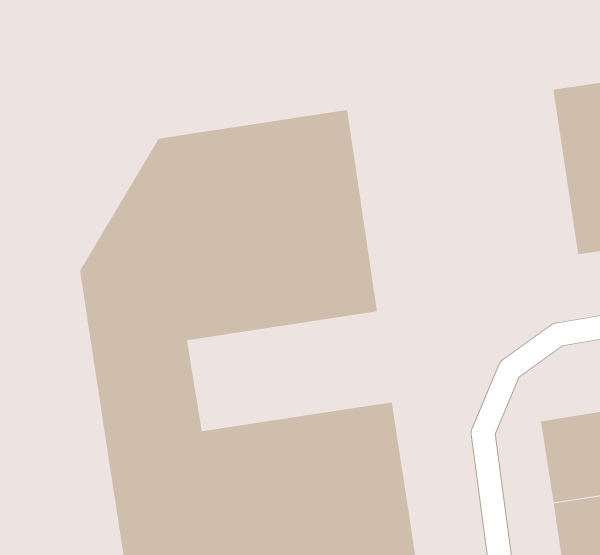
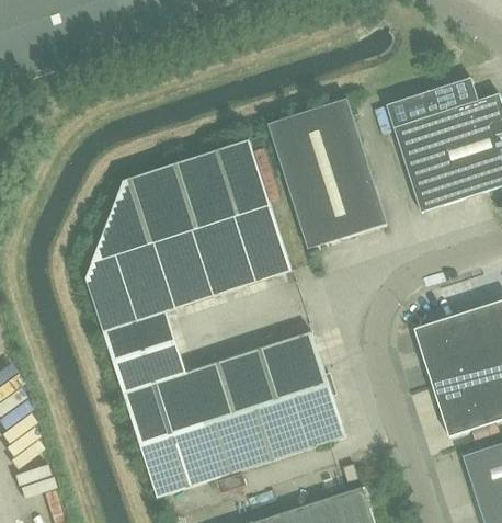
building: none -> [267,99,387,249]

